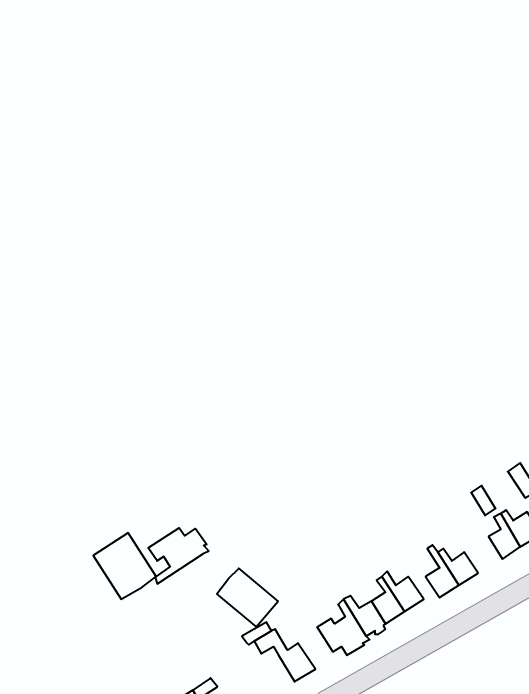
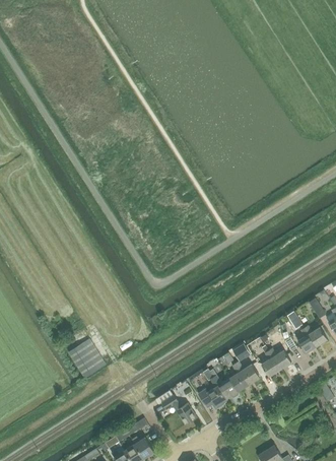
building: [148,528,209,584] -> none
building: [217,568,278,627] -> none

